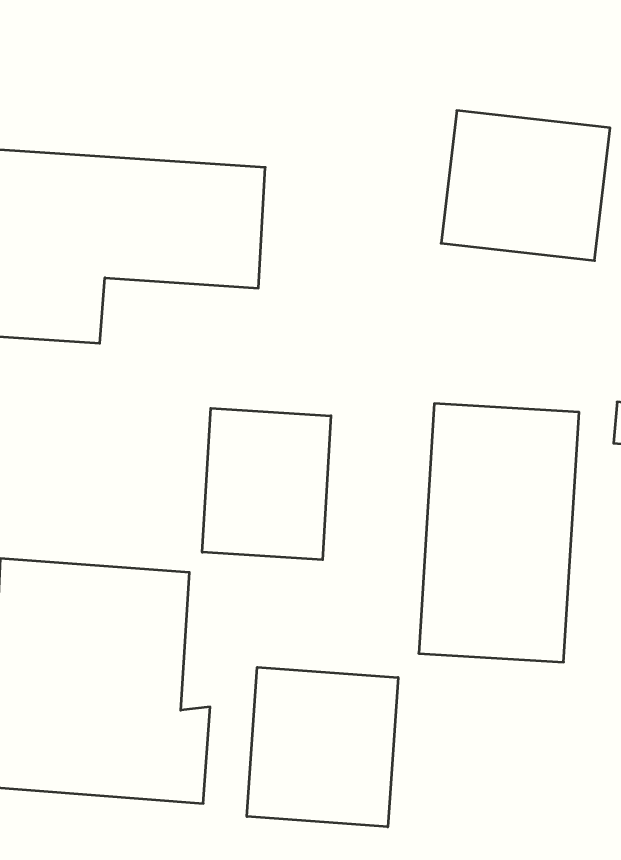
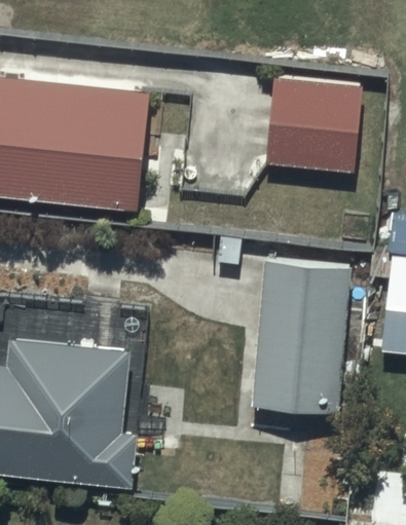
building: [202,408,331,560] -> none
building: [247,667,398,827] -> none

